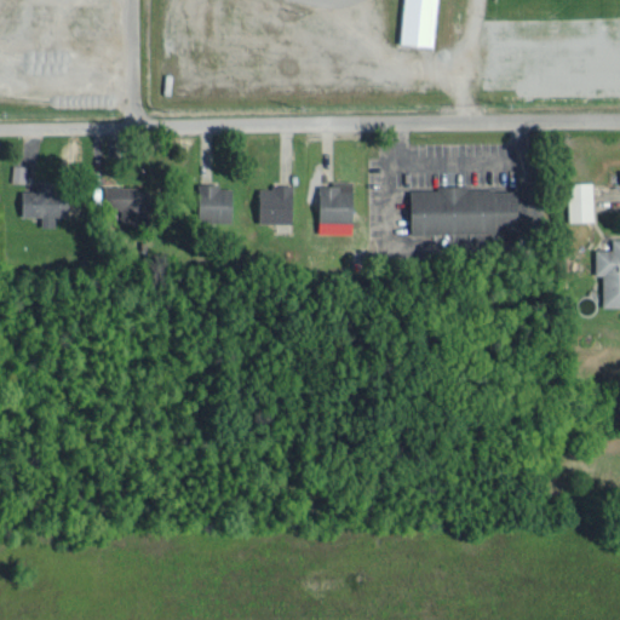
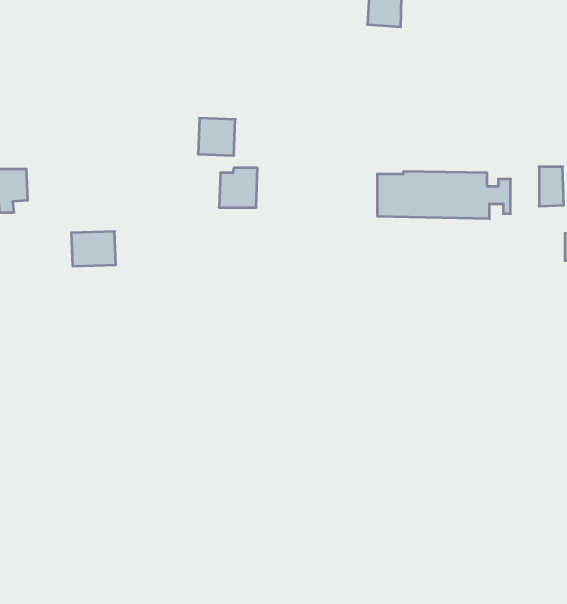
building: [317,186,355,226] -> none
building: [197,188,234,224] -> [198,118,235,155]
building: [102,189,145,223] -> [71,231,116,266]

